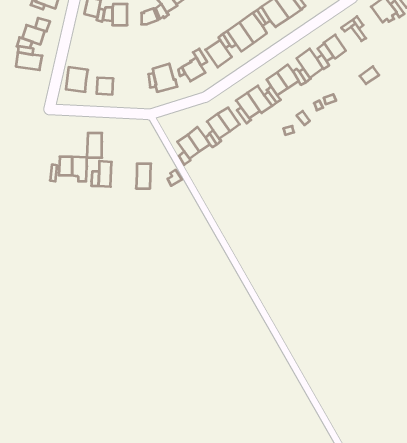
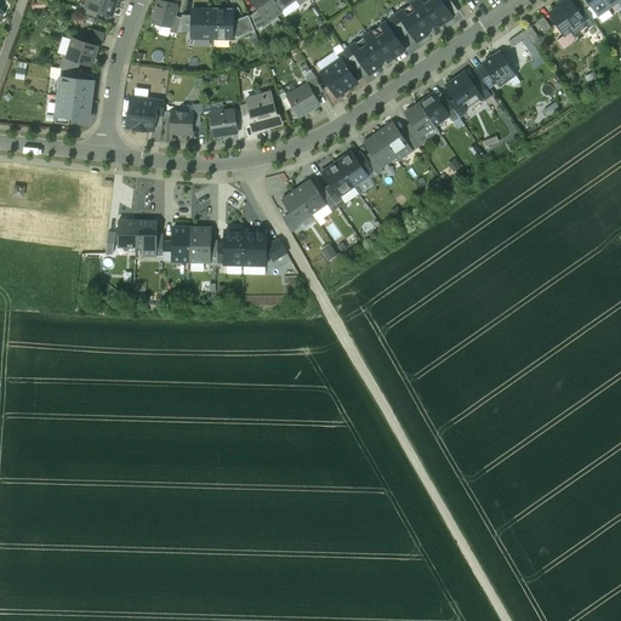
building: none -> [212,10,232,39]
building: none -> [56,96,91,120]
building: none -> [210,109,238,137]
building: [87,133,102,158] -> [189,228,210,262]
building: none -> [244,230,266,266]

